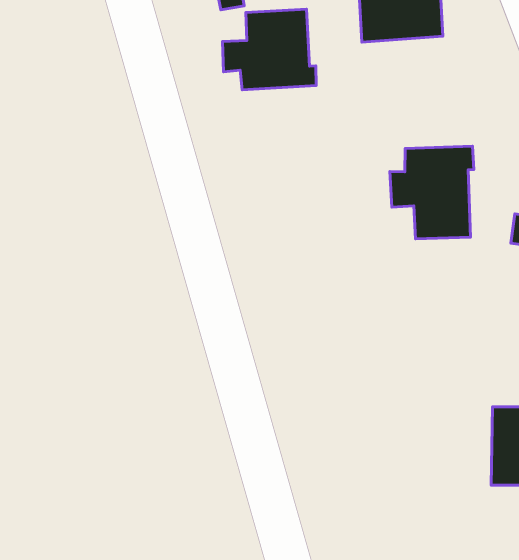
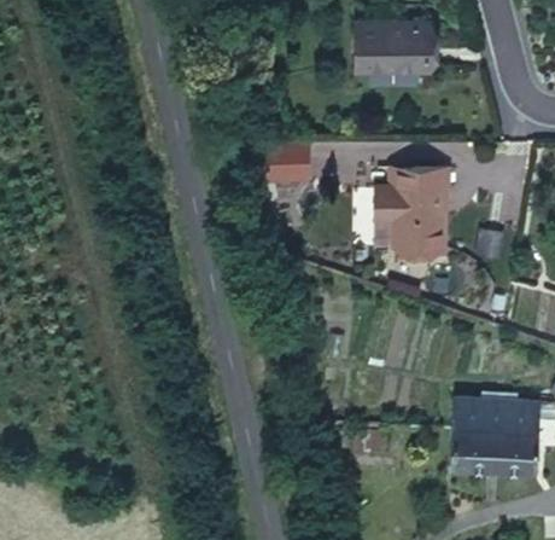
building: [223,9,316,90] -> none
building: none -> [269,144,310,181]

